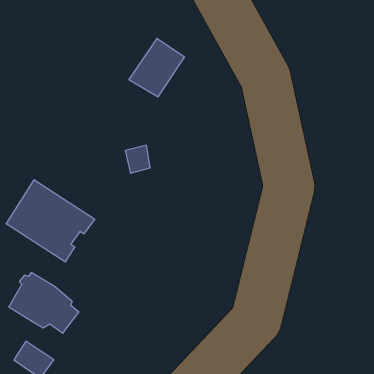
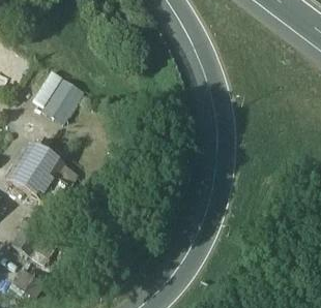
building: [129,38,185,97] -> [40,75,84,121]

